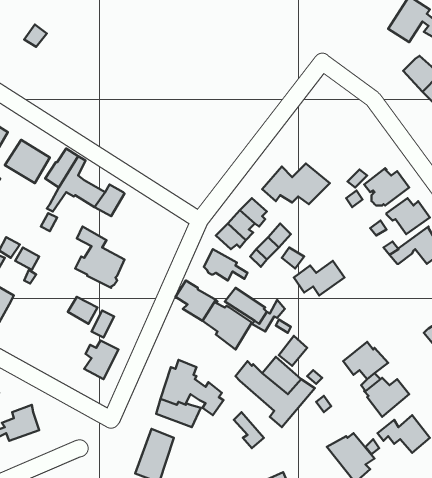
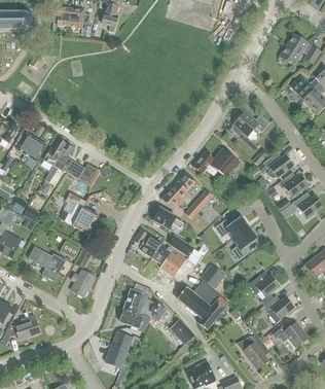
building: none -> [227,110,269,137]
building: none -> [230,226,257,259]
building: none -> [27,246,66,281]

